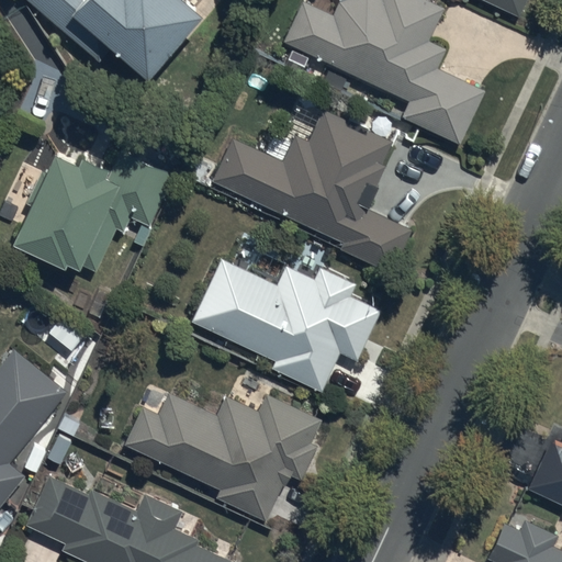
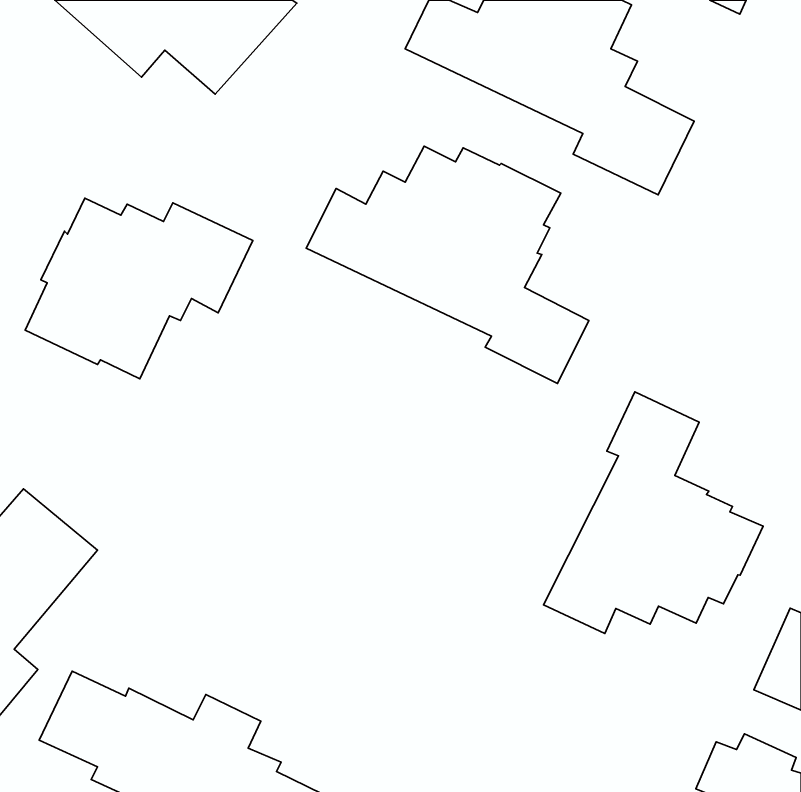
building: [191,260,381,394] -> none
building: none -> [544,392,763,634]
building: [124,393,321,520] -> none

